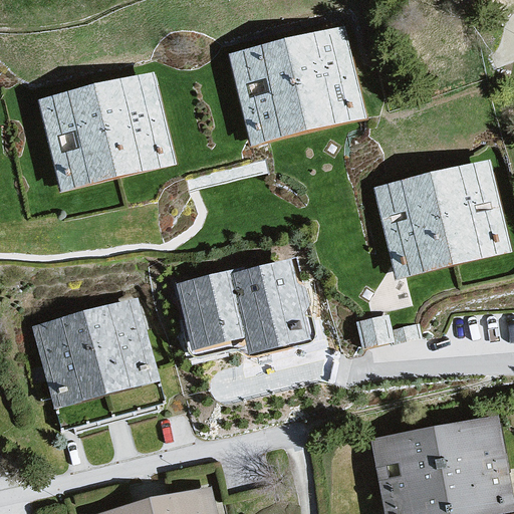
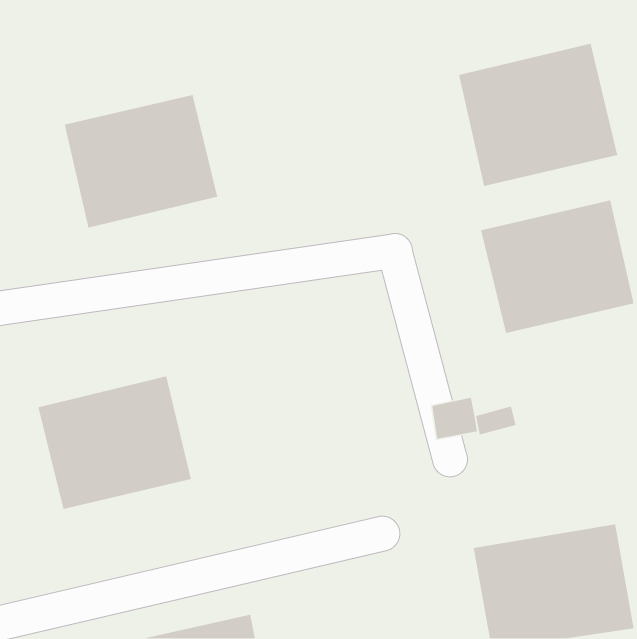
building: [235,27,358,135] -> none
building: none -> [458,43,618,187]
building: [180,258,305,342] -> none

